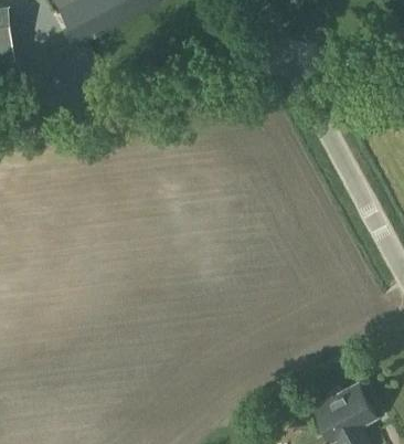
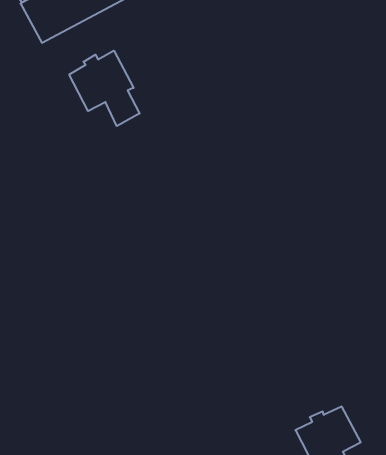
building: none -> [69,51,140,126]

